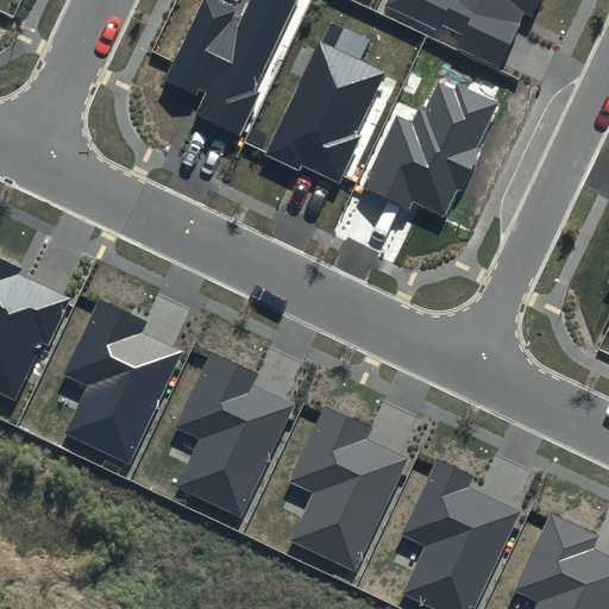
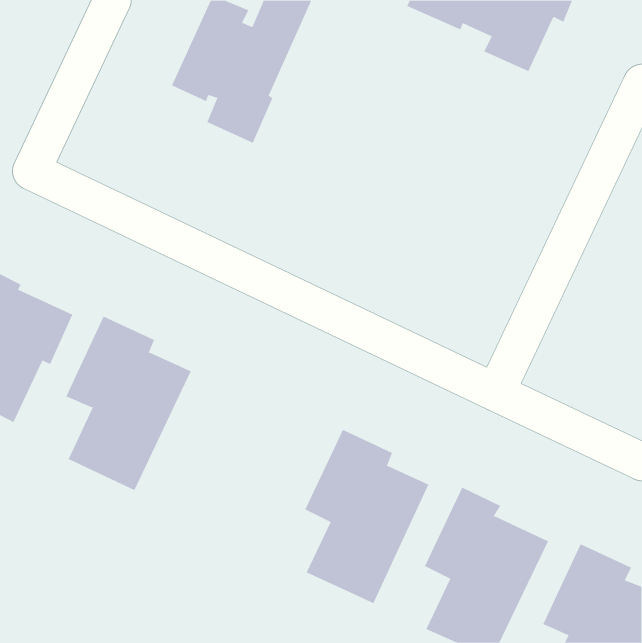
building: [263,39,384,182] -> none
building: [359,81,500,219] -> none
building: [174,352,293,516] -> none

